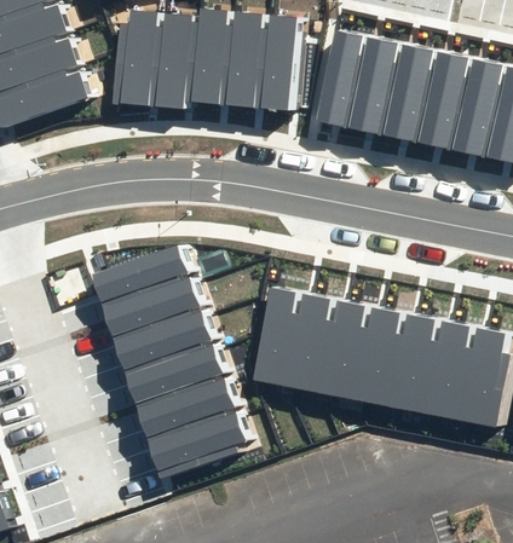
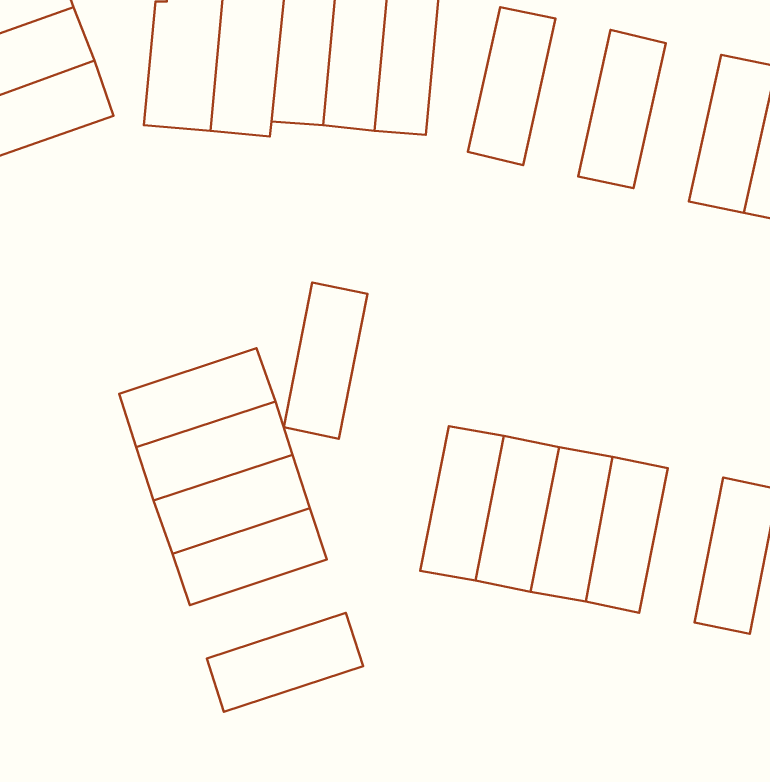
building: [350,35,405,135] -> none
building: [420,51,475,151] -> none
building: [249,287,302,386] -> [284,283,368,439]
building: [423,320,477,418] -> none
building: [138,379,237,441] -> none

